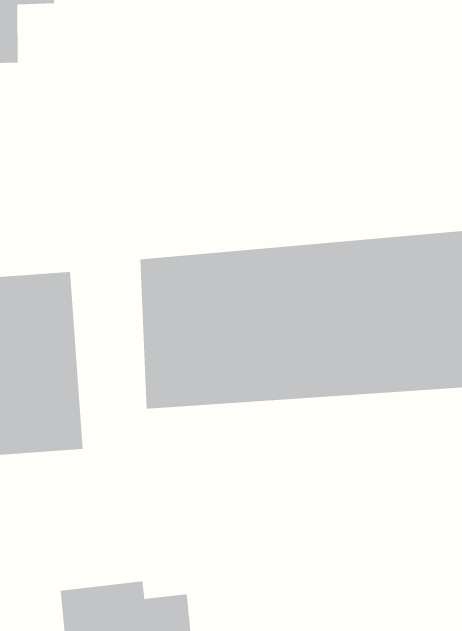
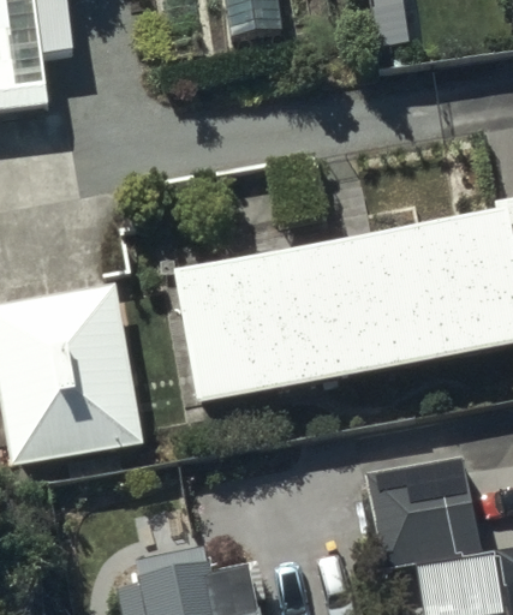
building: none -> [364,459,477,571]

